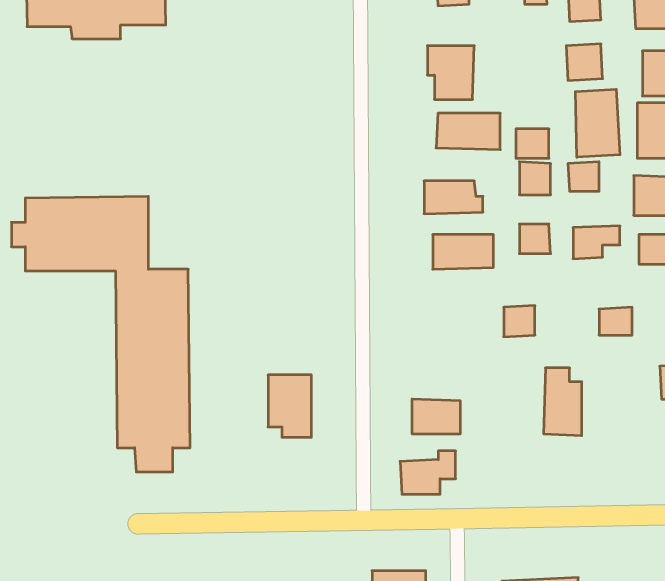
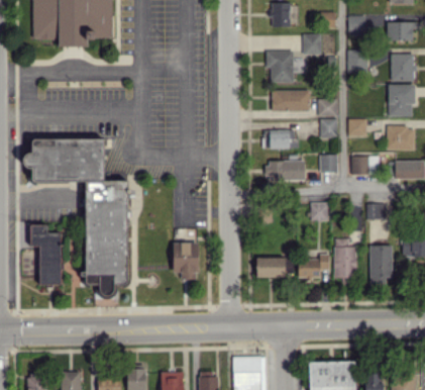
building: none -> [303,33,322,55]
building: [575,89,620,157] -> none
building: none -> [30,224,62,284]
building: none -> [370,245,393,285]
building: [400,451,456,494] -> [298,254,330,279]

